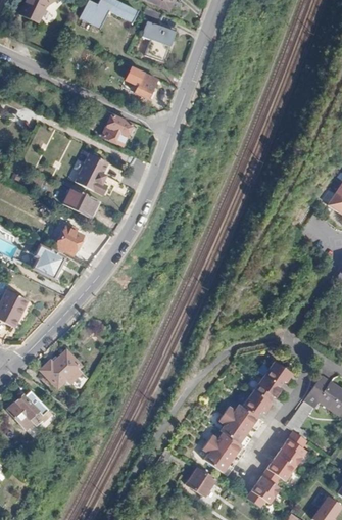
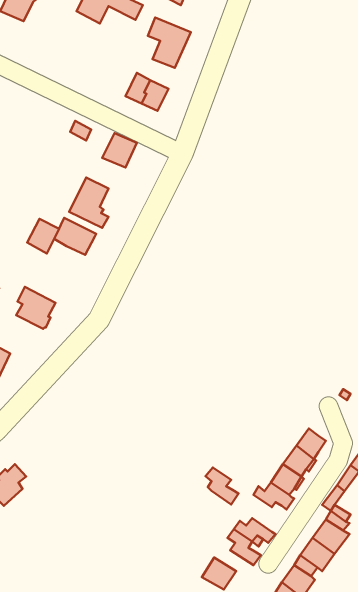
building: [56,226,83,254] -> [27,219,59,253]
building: [40,350,81,387] -> none
building: [223,416,250,446] -> [205,468,239,504]

